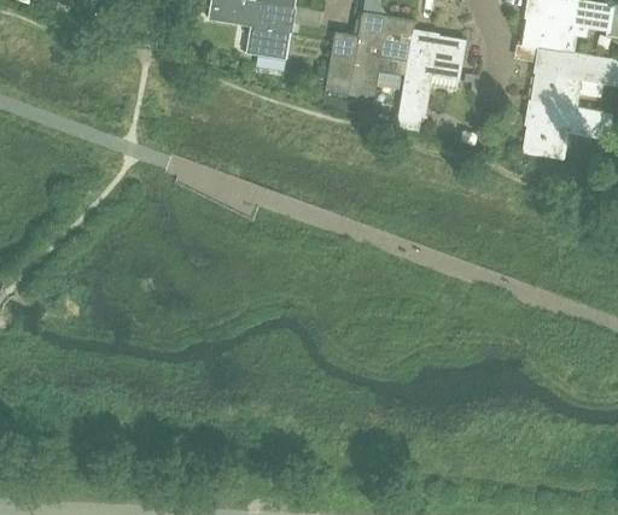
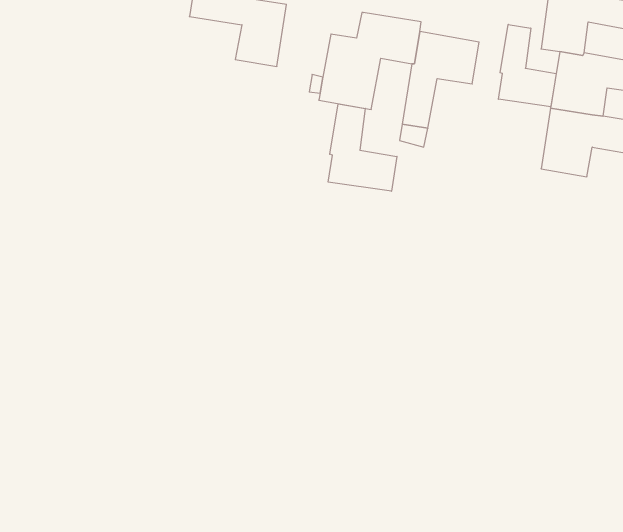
building: none -> [498,24,556,107]
building: none -> [328,104,397,191]

